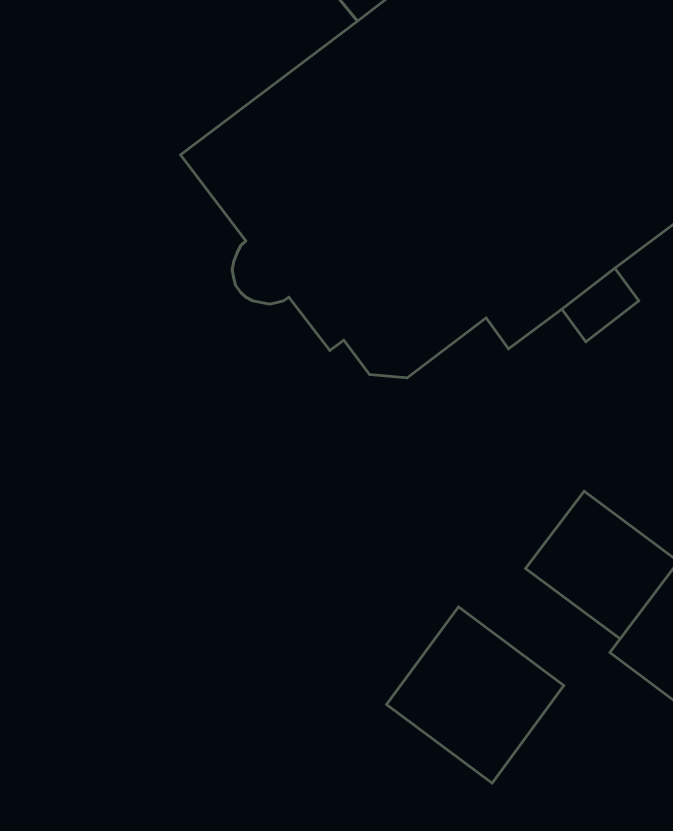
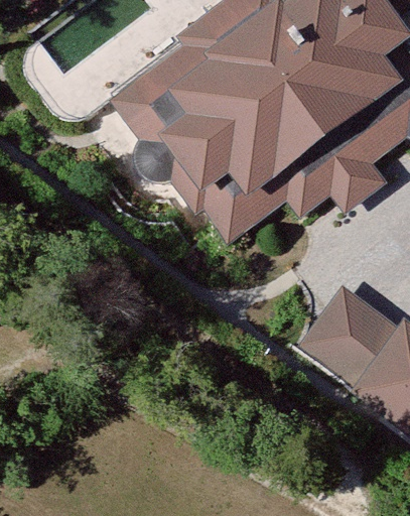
building: [386,607,564,783] -> none

